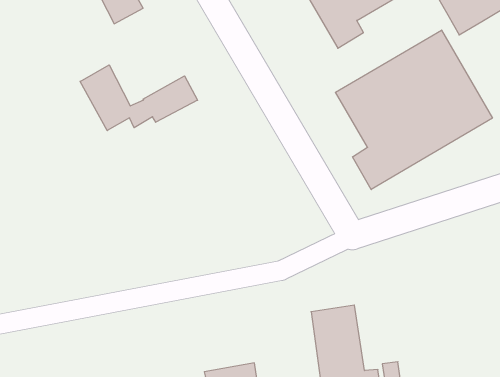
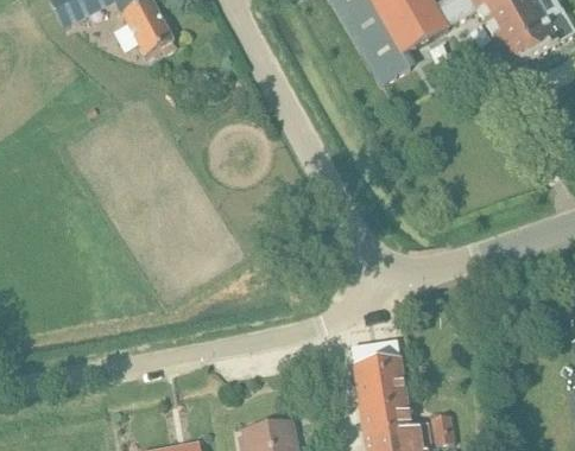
building: [335,30,492,190] -> none
building: [80,65,198,131] -> none

